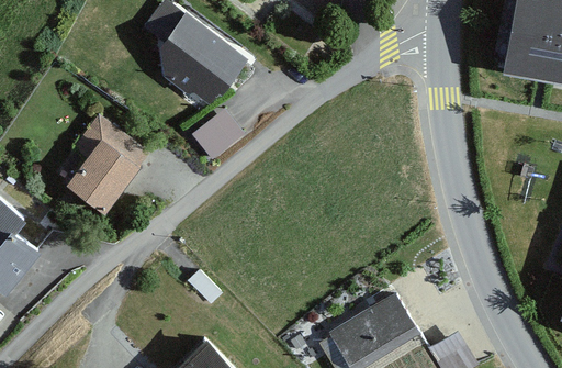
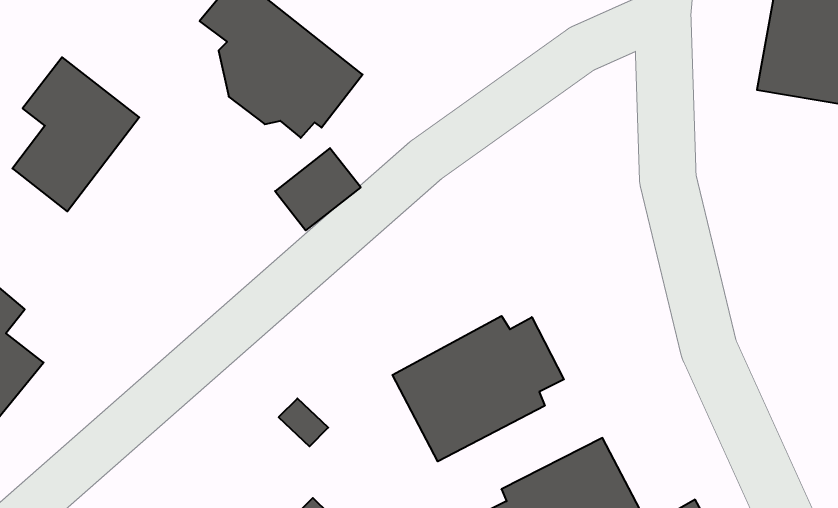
building: [69,112,150,211] -> [12,57,139,211]
building: none -> [392,316,564,461]

